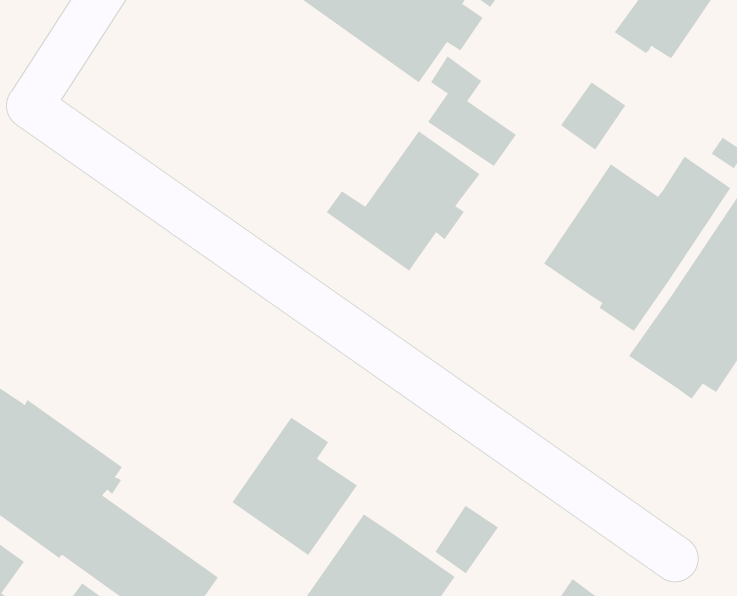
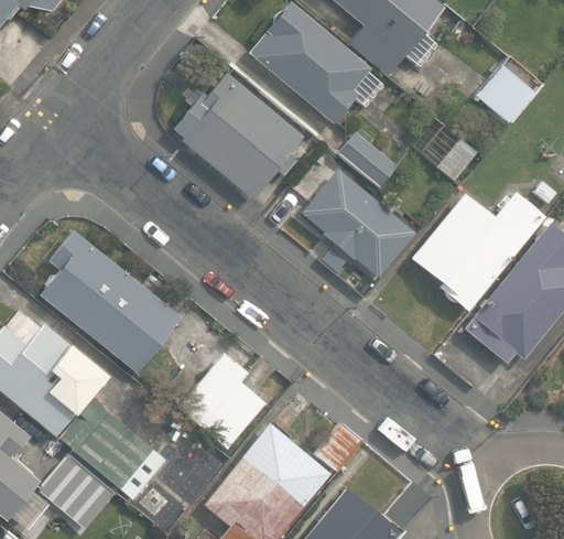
building: none -> [173,72,305,198]
building: none -> [340,203,425,289]
building: none -> [39,229,183,374]

